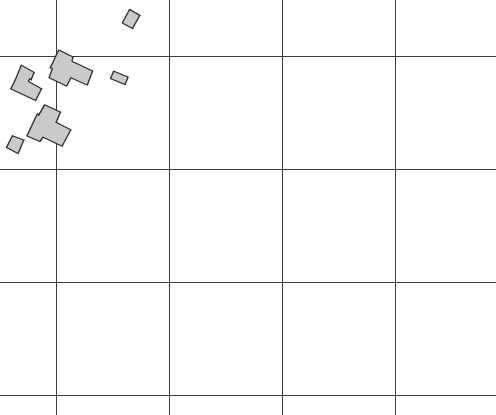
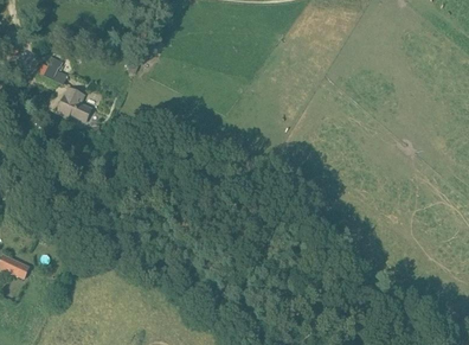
building: [49,50,92,86] -> none

